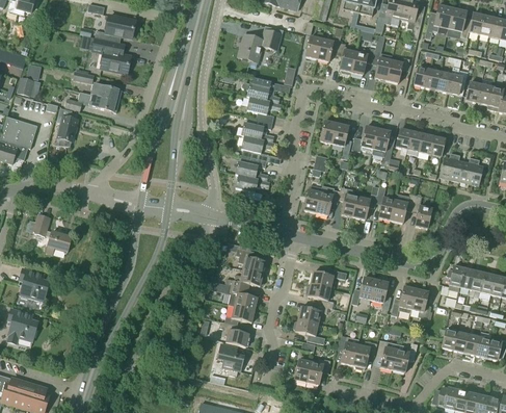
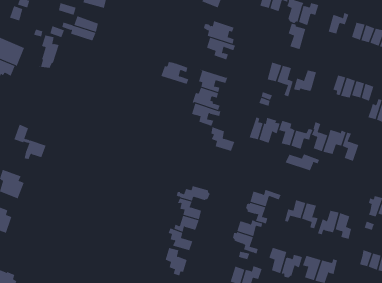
building: [370,50,391,80] -> [288,23,306,50]
building: [240,117,273,141] -> [161,61,189,85]
building: [371,128,392,160] -> none
building: none -> [285,153,320,171]
building: [236,247,265,274] -> [210,127,235,151]

